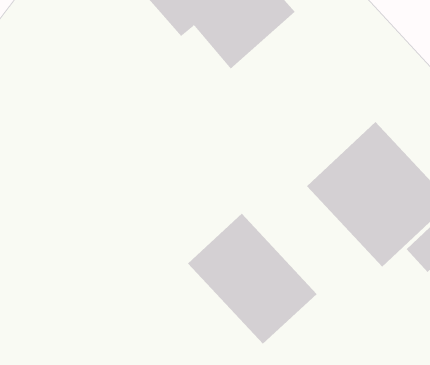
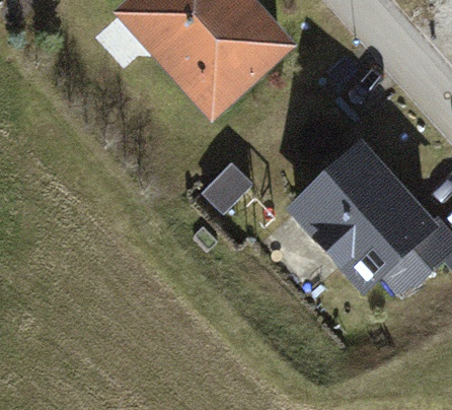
building: [187,213,318,345] -> none

